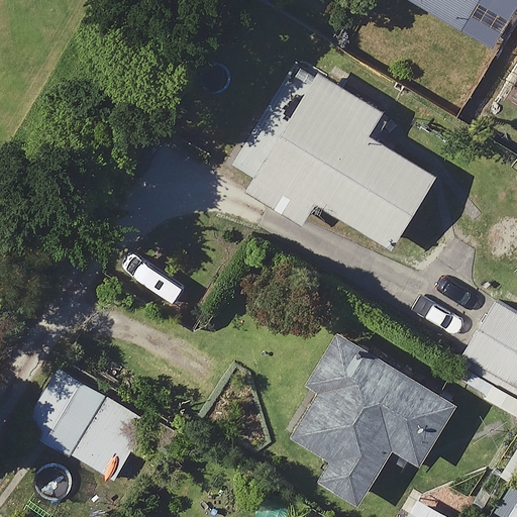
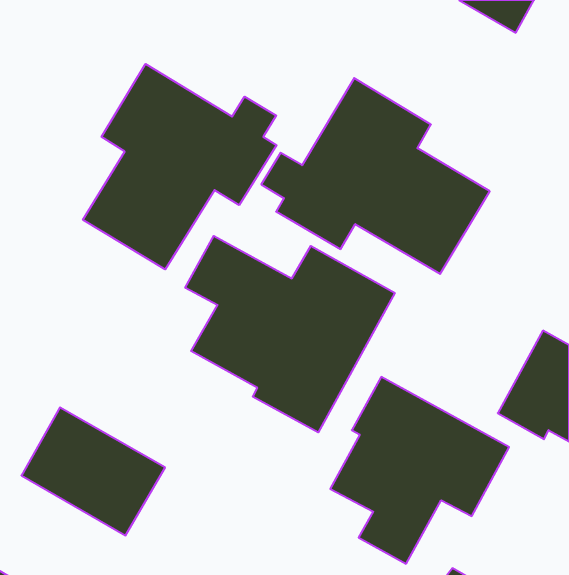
building: none -> [83,64,277,269]
building: none -> [185,236,395,432]

